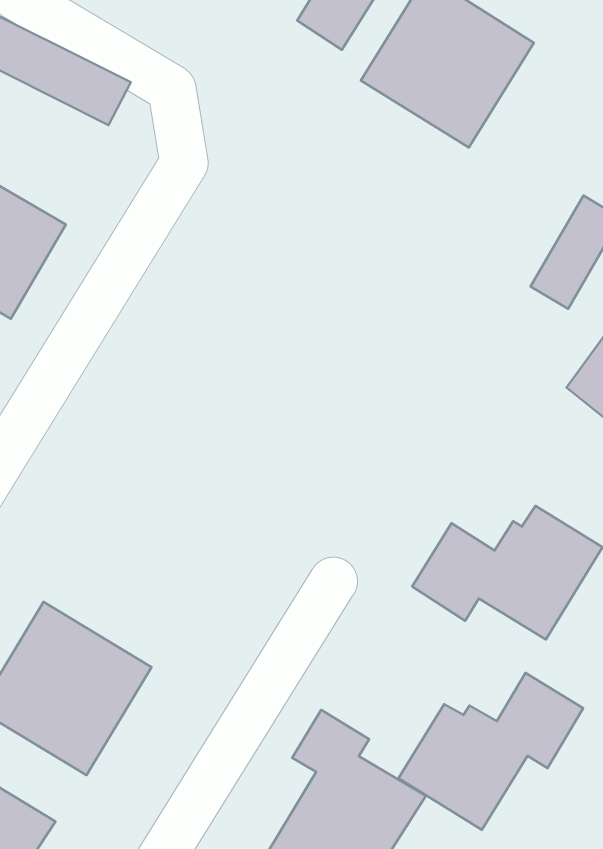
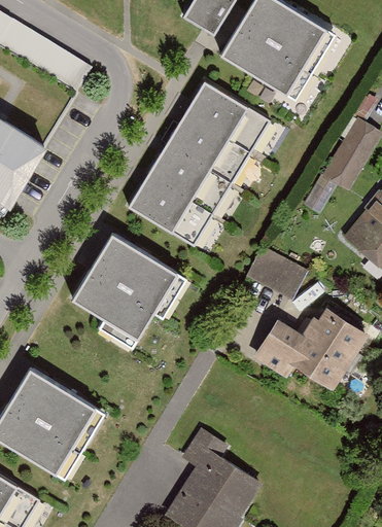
building: none -> [128,84,269,246]
building: none -> [74,234,178,337]
building: none -> [243,249,303,297]
building: [398,673,583,830] -> none

